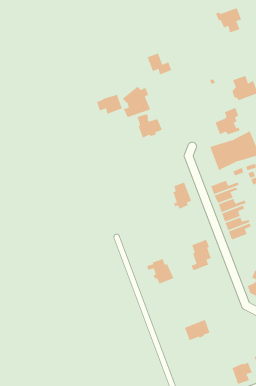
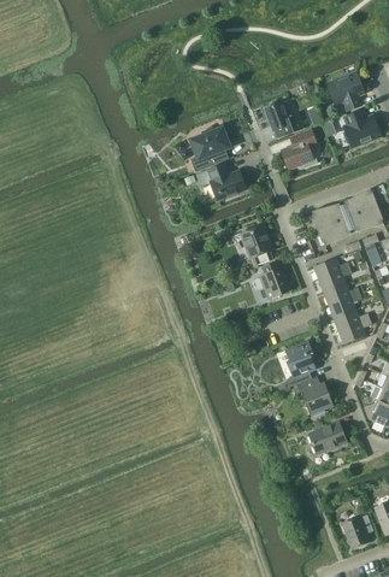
building: [215,7,242,34] -> [325,73,364,111]
building: [147,53,172,76] -> [265,102,301,135]
building: [96,94,123,115] -> none
building: [214,107,241,135] -> [281,129,318,169]
building: none -> [240,224,272,266]
building: [146,258,174,284] -> [293,376,332,413]
building: [184,319,210,341] -> [308,422,346,453]

